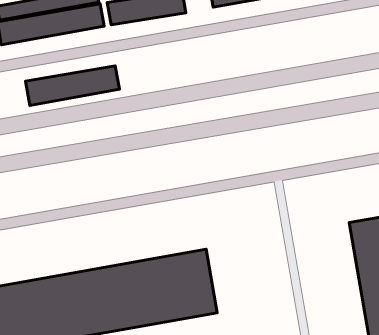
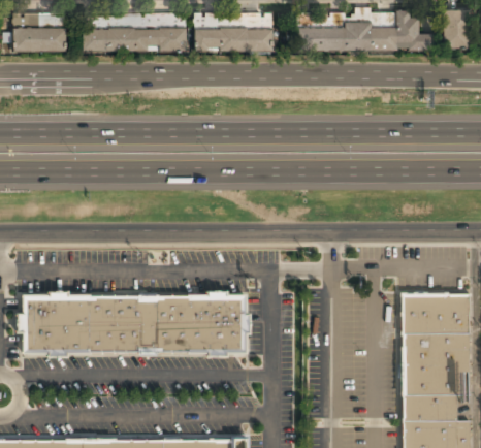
building: [25,66,119,106] -> none

